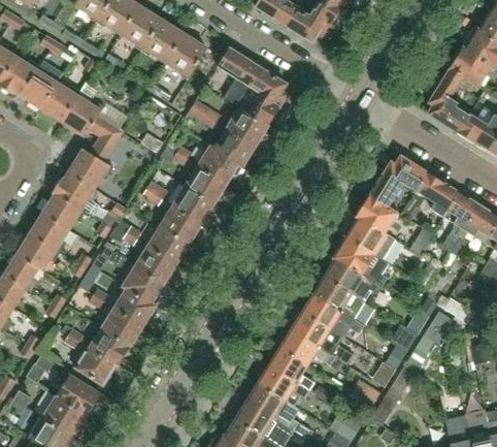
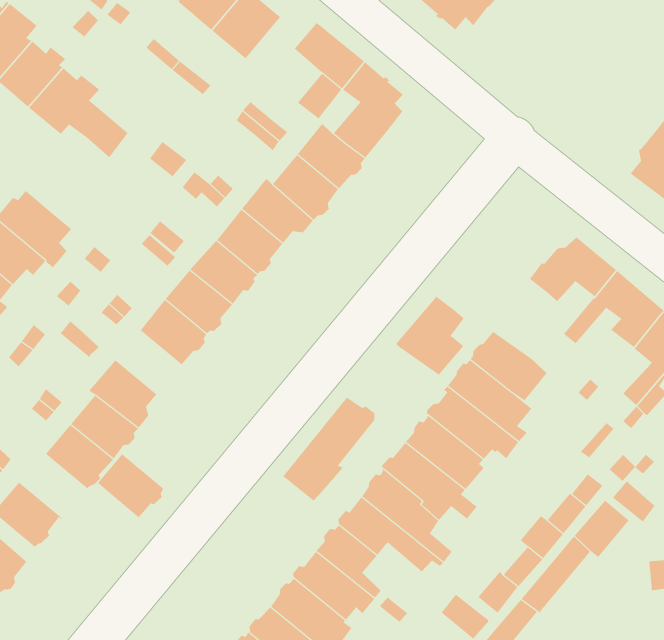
building: [68,135,115,188] -> none
building: [355,184,396,231] -> [395,296,464,376]
building: [135,246,175,283] -> none
building: none -> [283,397,377,501]
building: [89,327,129,364] -> [97,453,164,518]

